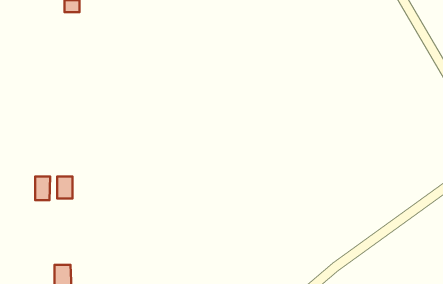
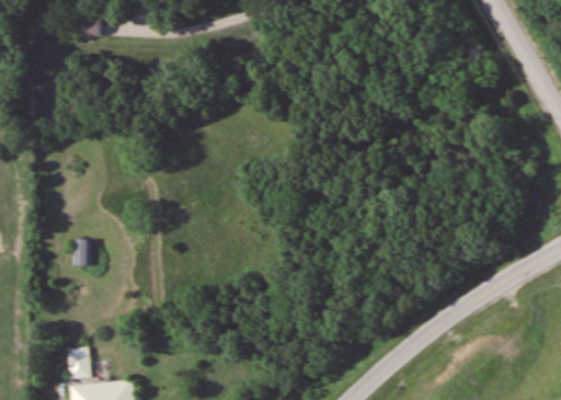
building: [35,176,50,200] -> none

